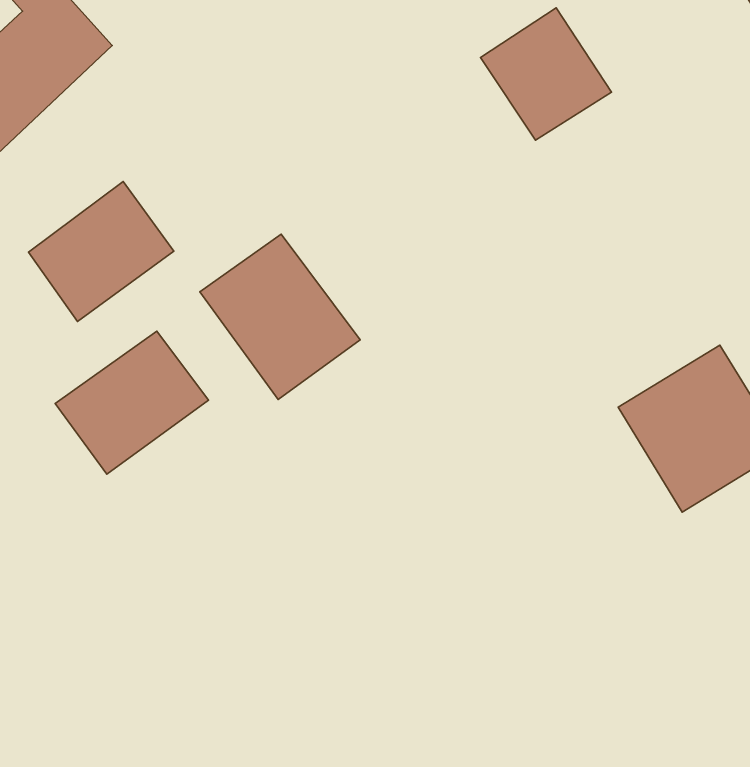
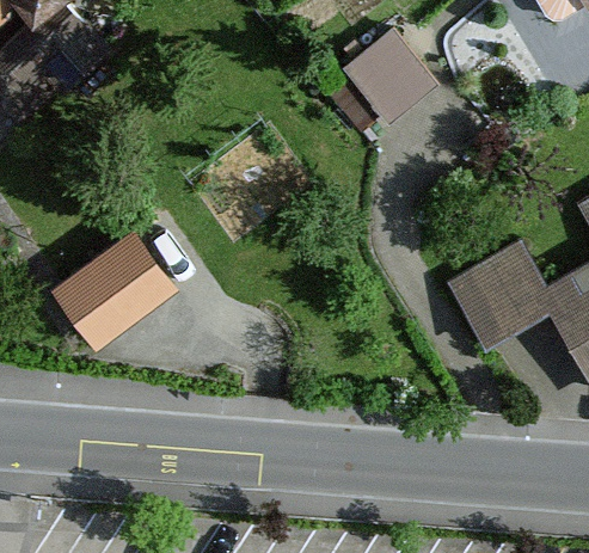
building: [29,181,174,321] -> none
building: [200,234,360,399] -> none

